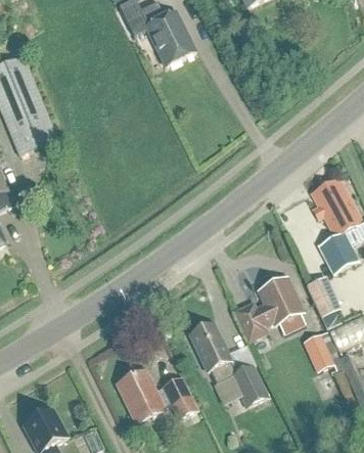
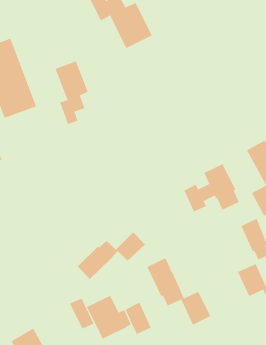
building: none -> [55,60,88,125]
building: [236,278,305,337] -> [183,164,240,212]
building: none -> [77,232,146,280]
building: none -> [69,298,94,330]

